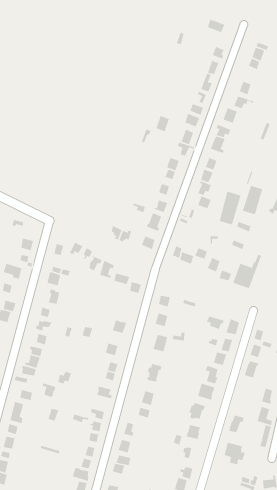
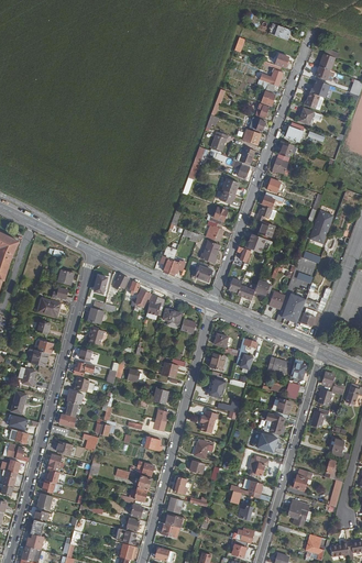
building: [219,190,242,225] -> none

